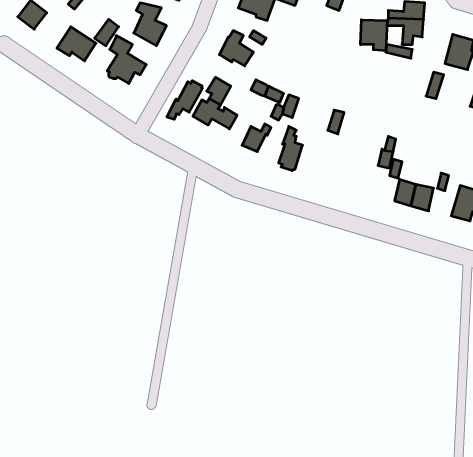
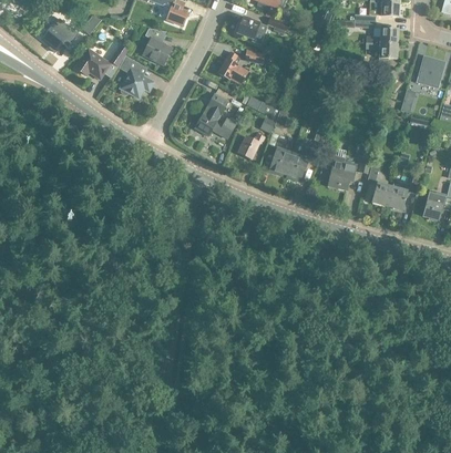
building: [361,20,387,51] -> none
building: [167,81,202,119] -> none
building: none -> [284,146,312,181]
building: none -> [318,159,356,191]

